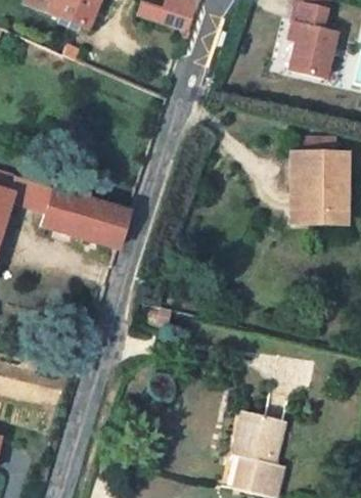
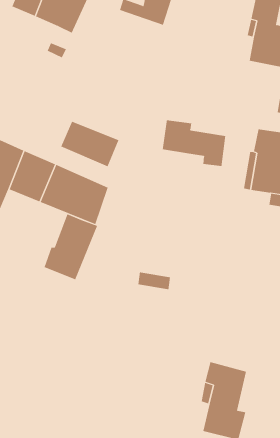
building: none -> [162,119,226,167]
building: none -> [61,121,119,167]
building: none -> [44,213,98,280]

